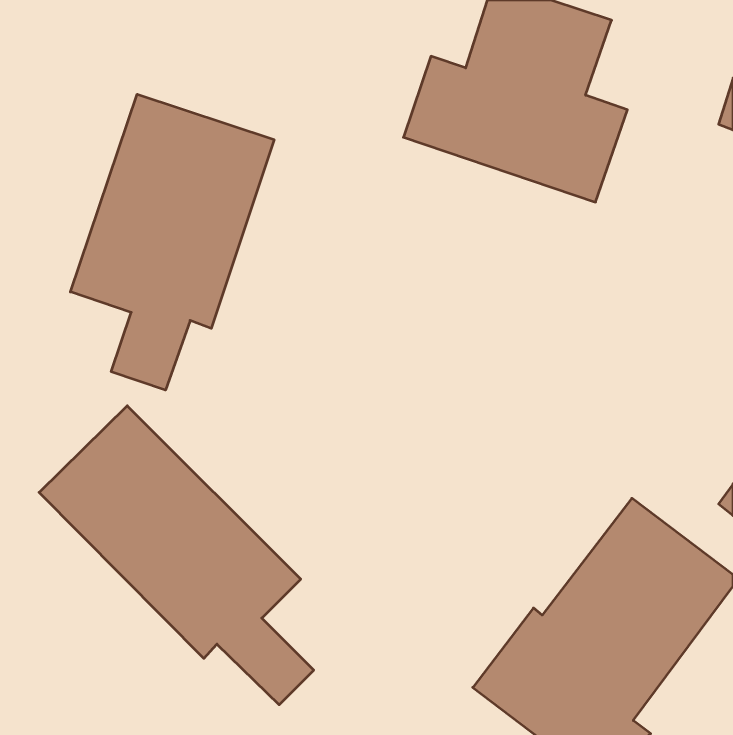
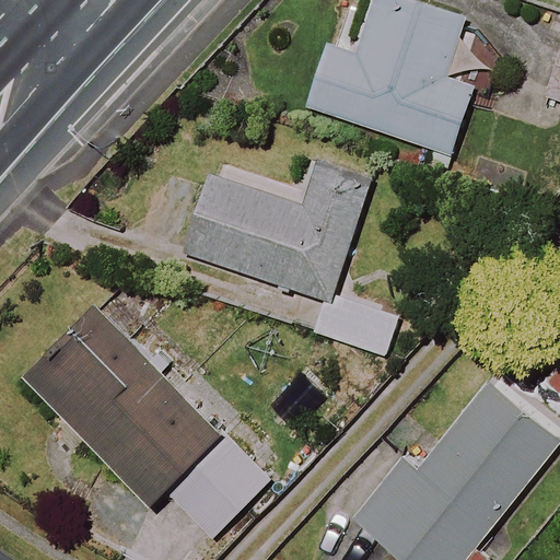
building: [70,94,274,390] -> none
building: none -> [183,162,399,358]

